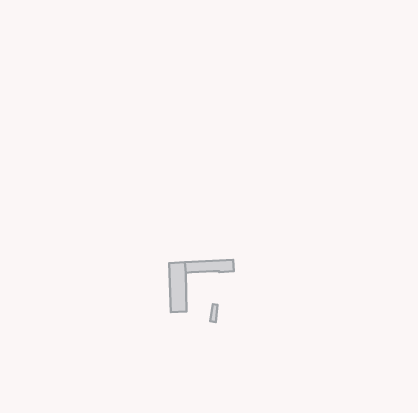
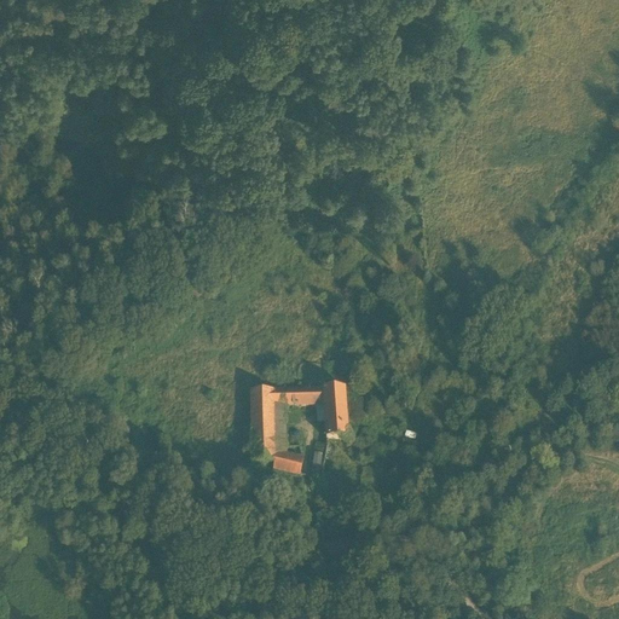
building: none -> [324,400,348,434]
building: none -> [274,401,302,473]

